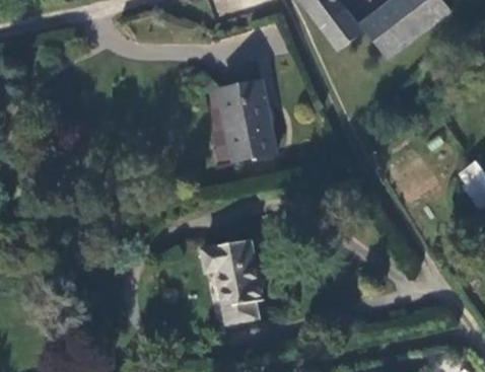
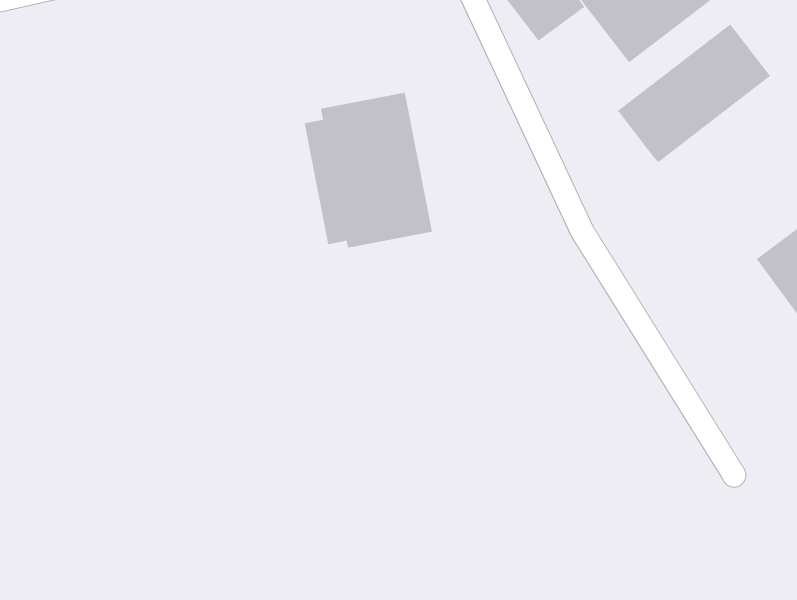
building: none -> [617,24,771,163]
building: [201,238,262,321] -> none

